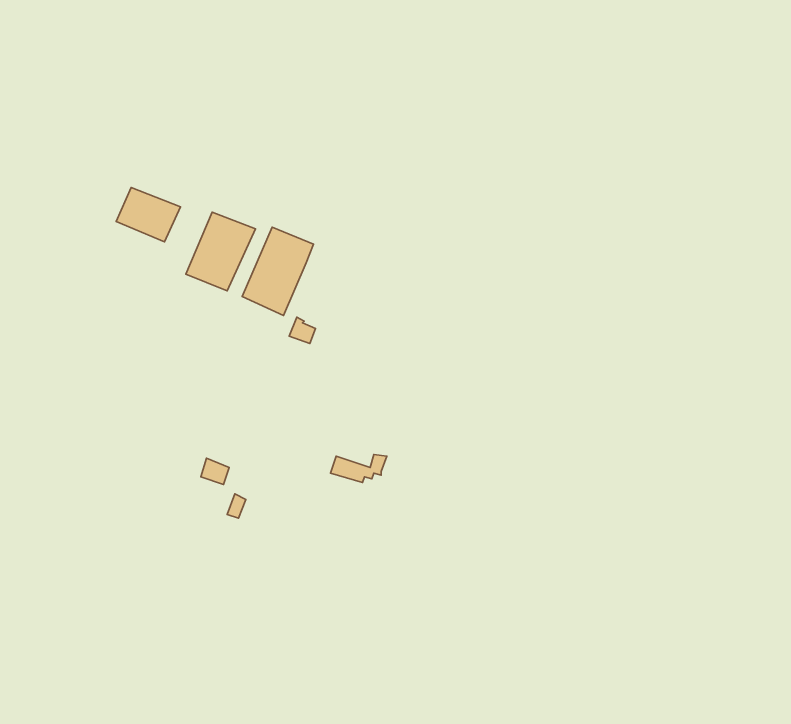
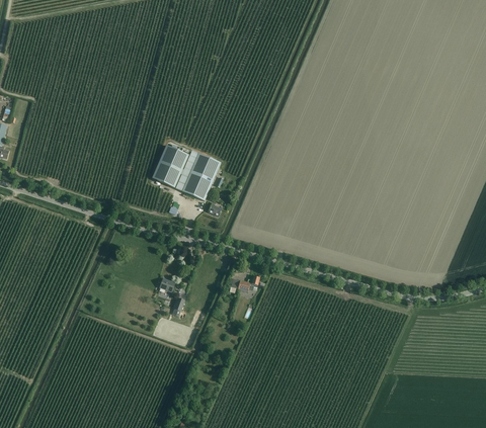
building: [116,188,180,242] -> none

